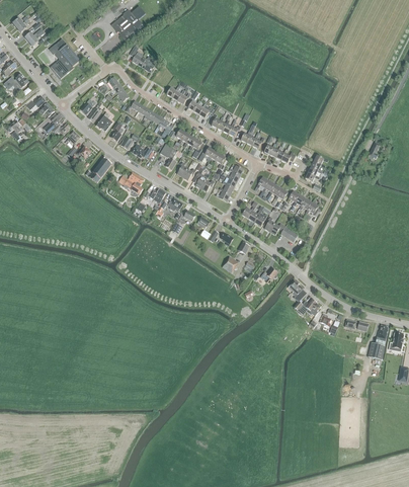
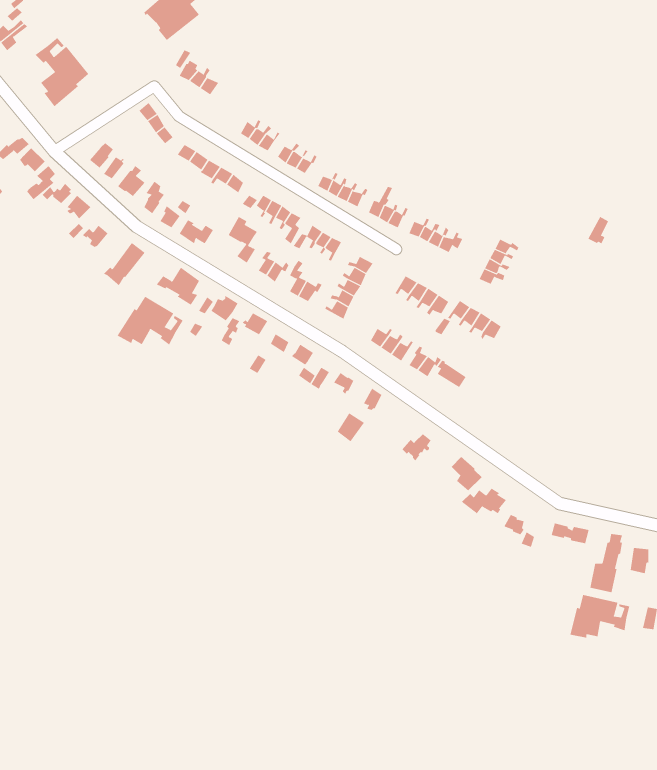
building: none -> [117,296,183,346]
building: none -> [570,594,630,638]

